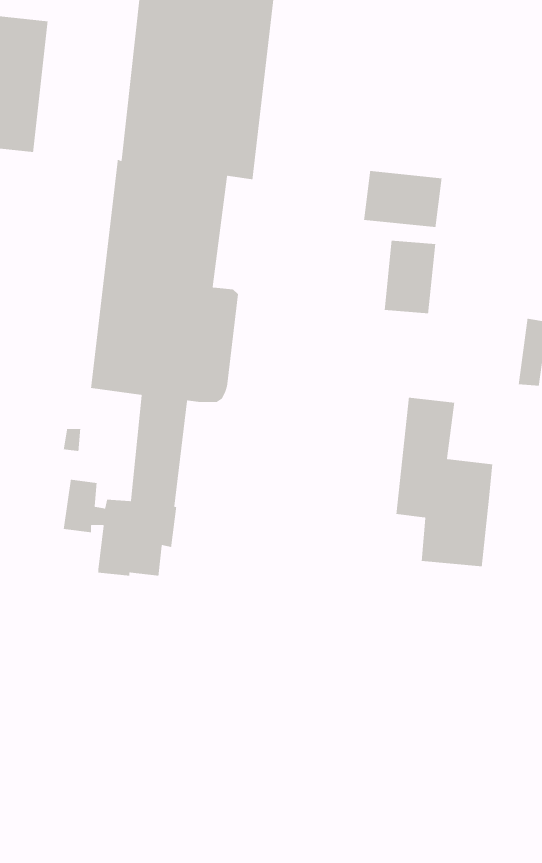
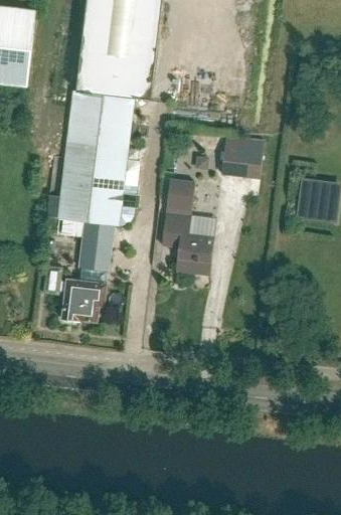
building: [363,170,443,228] -> none
building: [395,397,493,567] -> [162,179,216,274]

